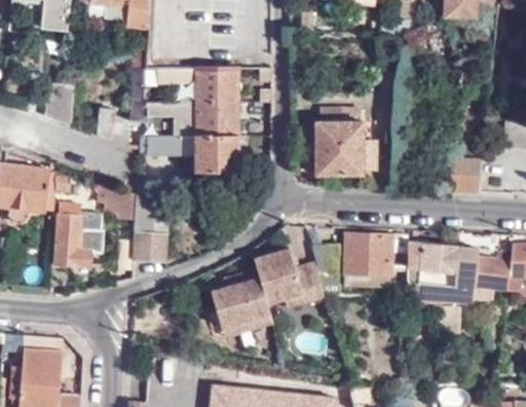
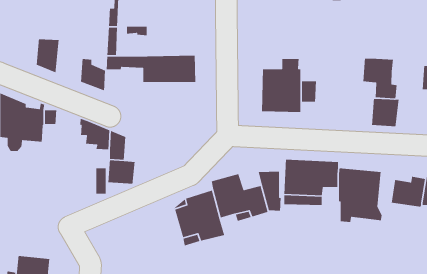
building: [179,70,237,106] -> none
building: none -> [363,58,398,99]
building: [141,139,238,184] -> none
building: [54,204,104,266] -> none

